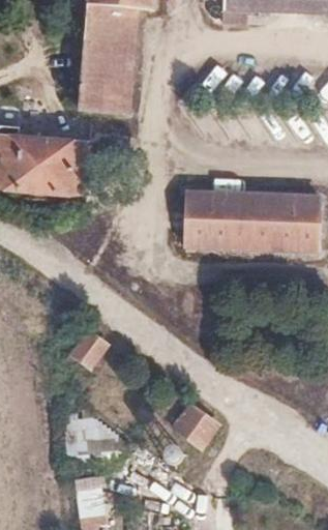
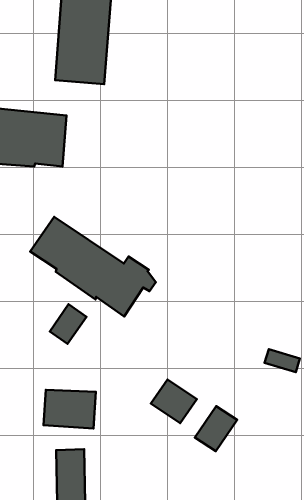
building: [186,193,320,252] -> none
building: none -> [30,217,156,316]
building: none -> [195,406,237,451]

